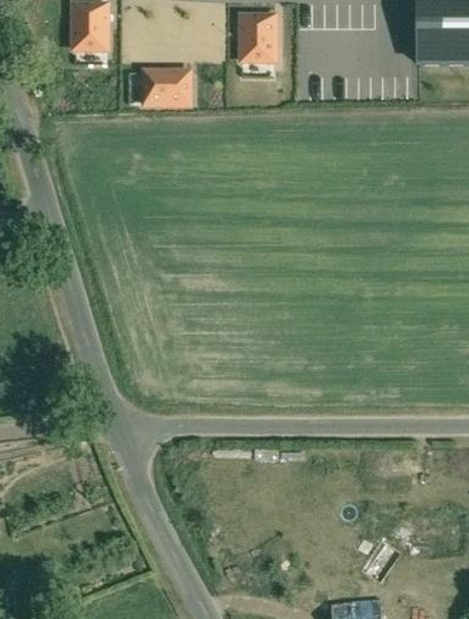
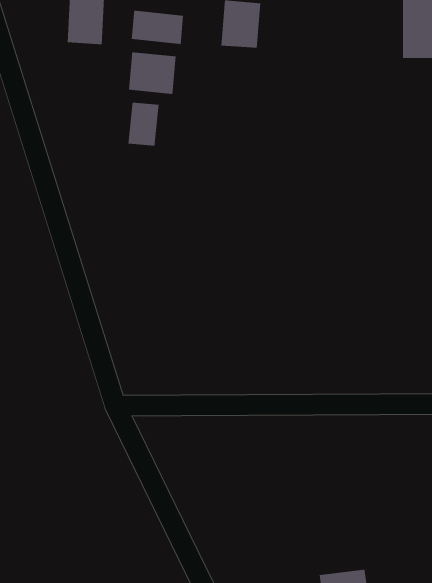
building: none -> [131,10,184,45]
building: none -> [128,102,159,146]

